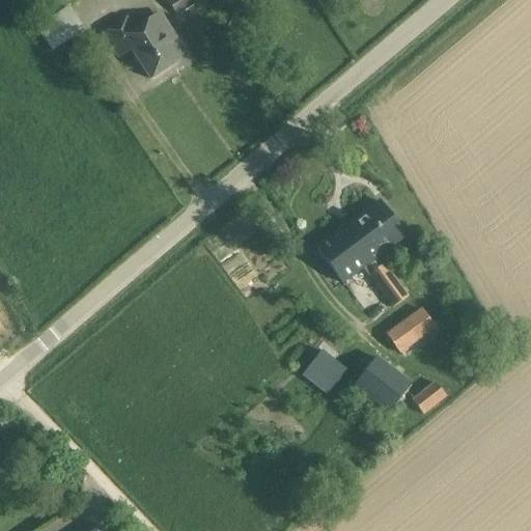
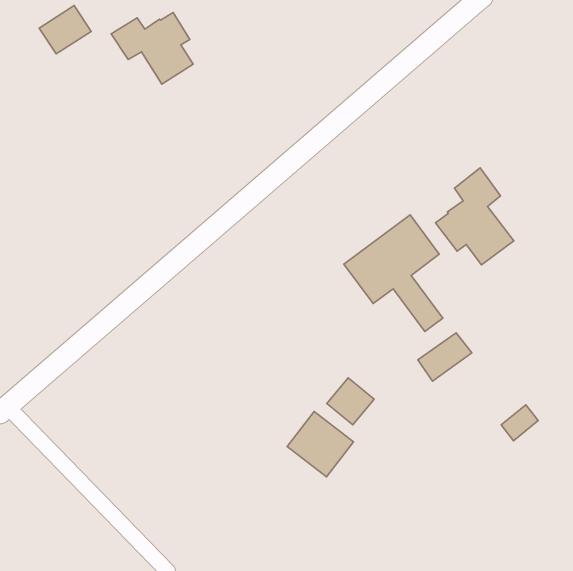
building: none -> [435,168,514,265]
building: [352,354,413,414] -> [287,412,354,477]
building: [413,380,447,413] -> [501,405,538,441]

